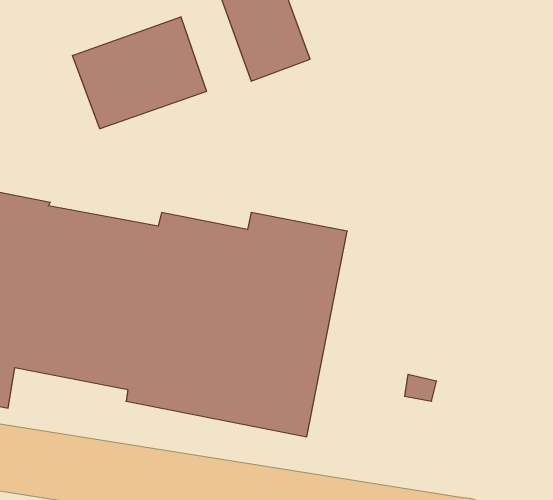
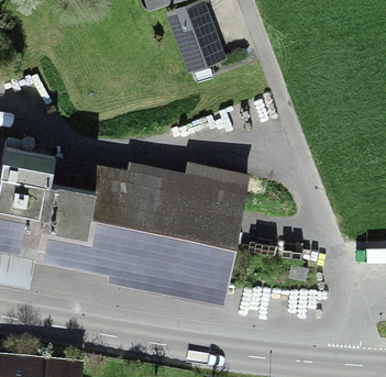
building: [73,17,207,129] -> none

